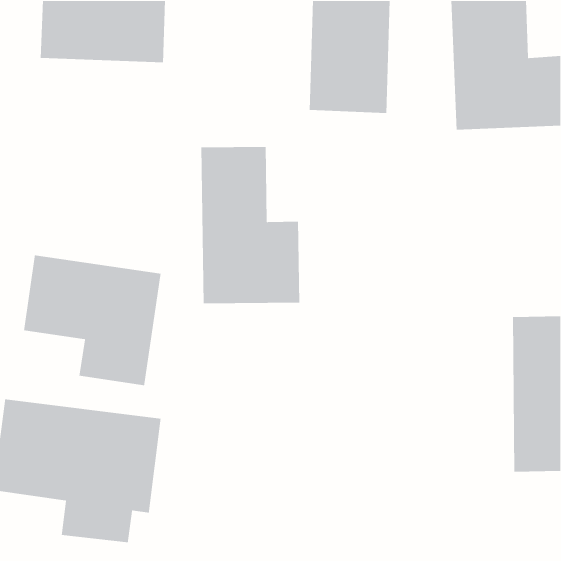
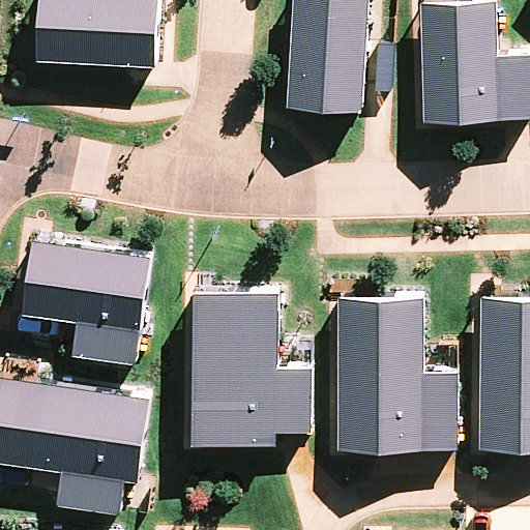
building: [201,146,300,304] -> none
building: none -> [190,295,307,442]
building: none -> [338,295,454,447]

